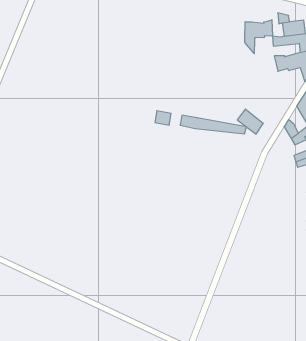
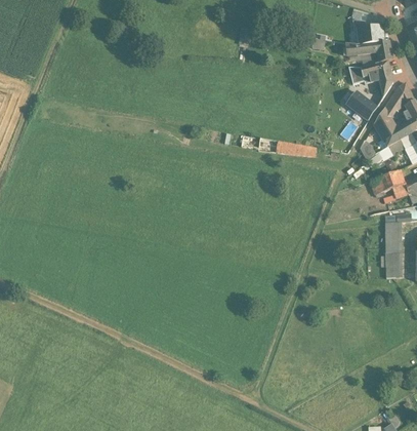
building: [245,20,272,54] -> none
building: [237,109,263,134] -> [346,90,376,119]

